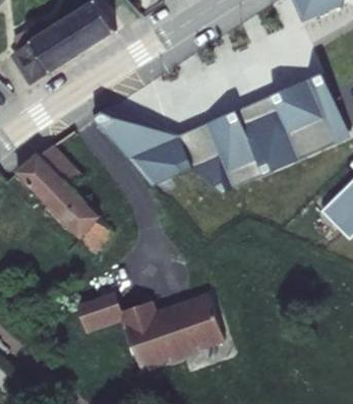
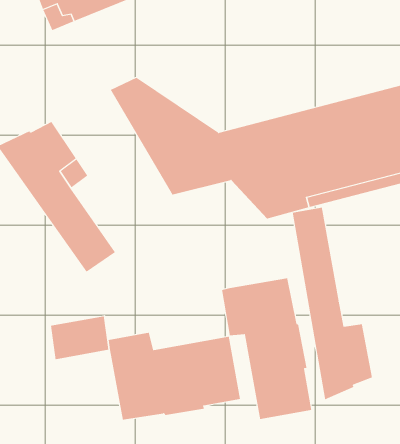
building: none -> [292,207,372,400]
building: none -> [221,277,312,420]

